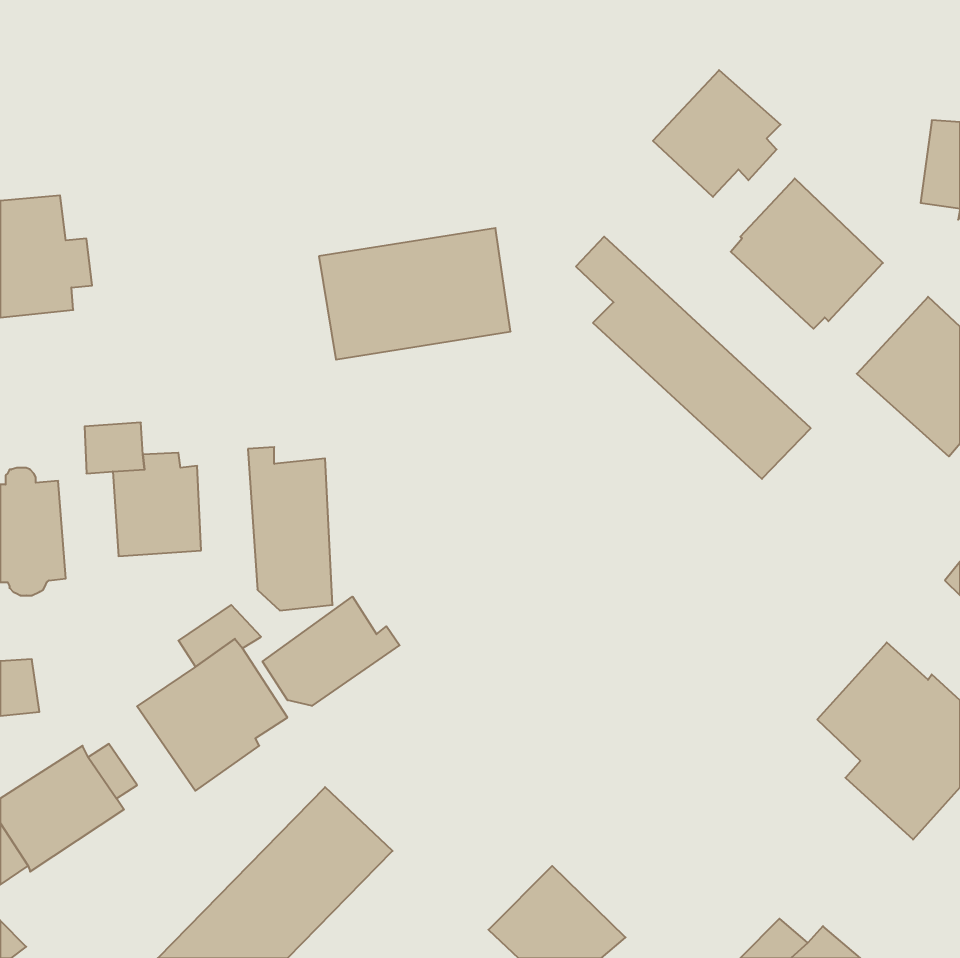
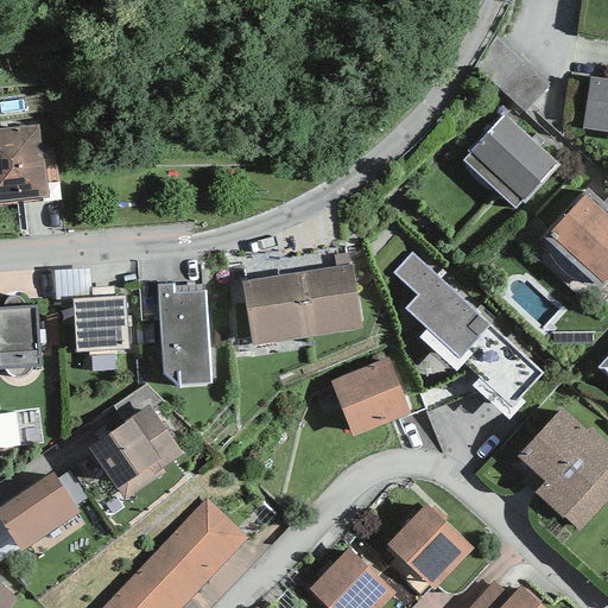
building: [653,70,781,197] -> none
building: [319,228,511,360] -> [241,262,362,346]
building: [576,237,811,479] -> [393,252,542,405]
building: none -> [330,356,411,435]
building: [263,597,400,706] -> none
building: none -> [387,502,473,589]

